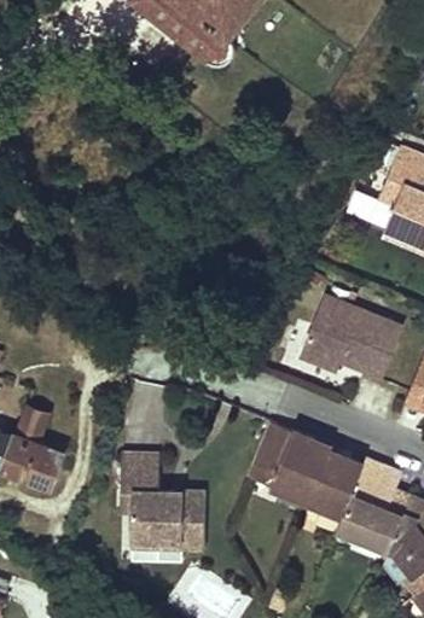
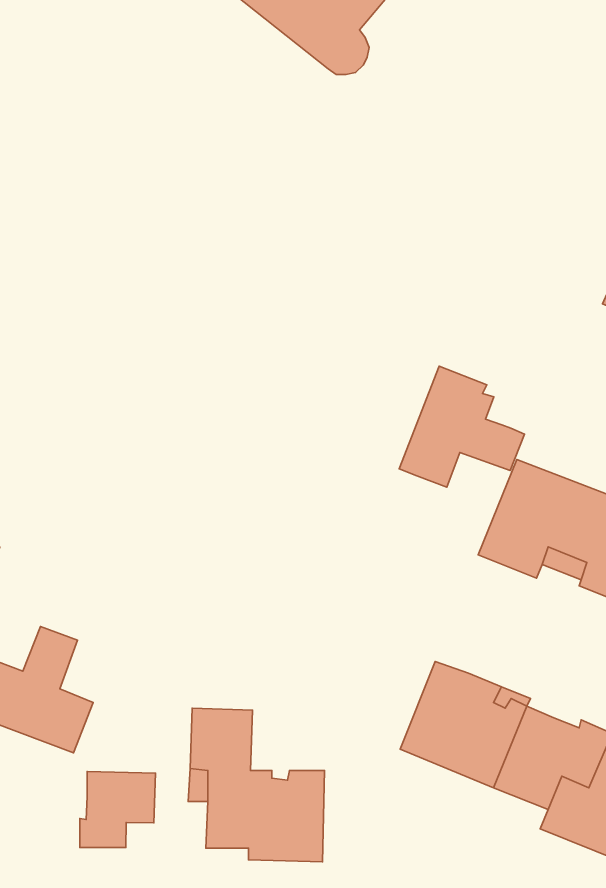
building: none -> [399,366,525,487]
building: none -> [80,771,156,848]

